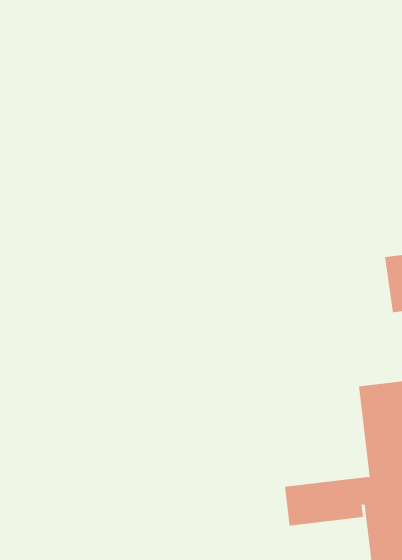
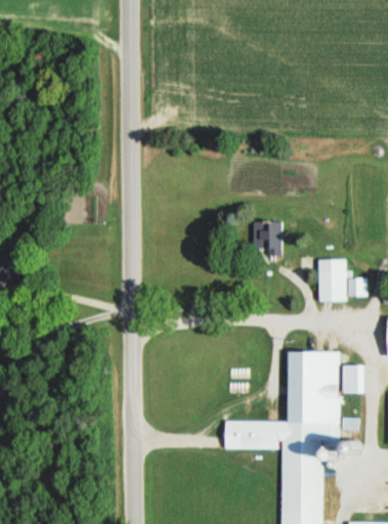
building: none -> [254,220,283,255]

